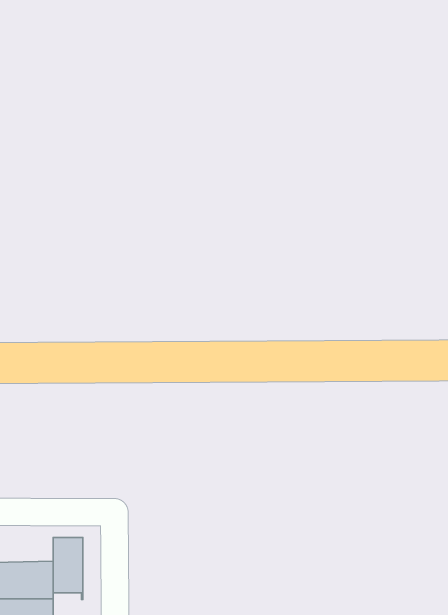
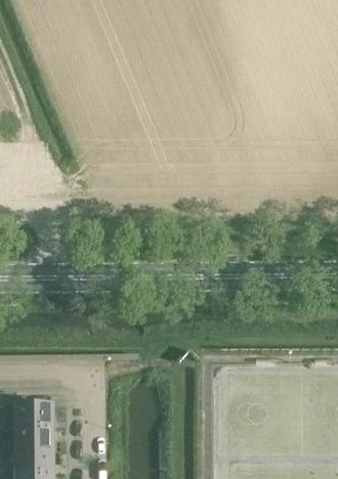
building: [53,538,83,599] -> none

